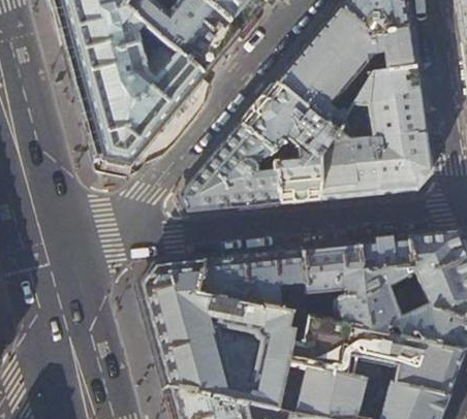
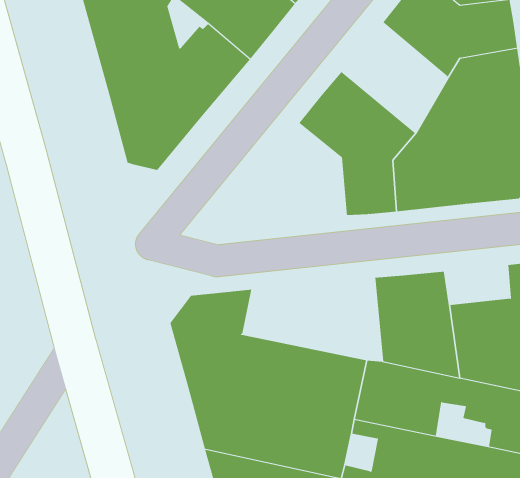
building: [278,44,364,133] -> none
building: [184,125,282,208] -> none
building: [361,238,413,270] -> none
building: [198,249,311,316] -> none

